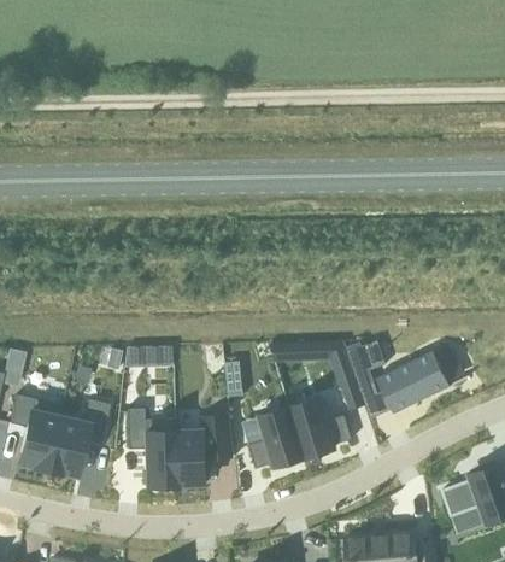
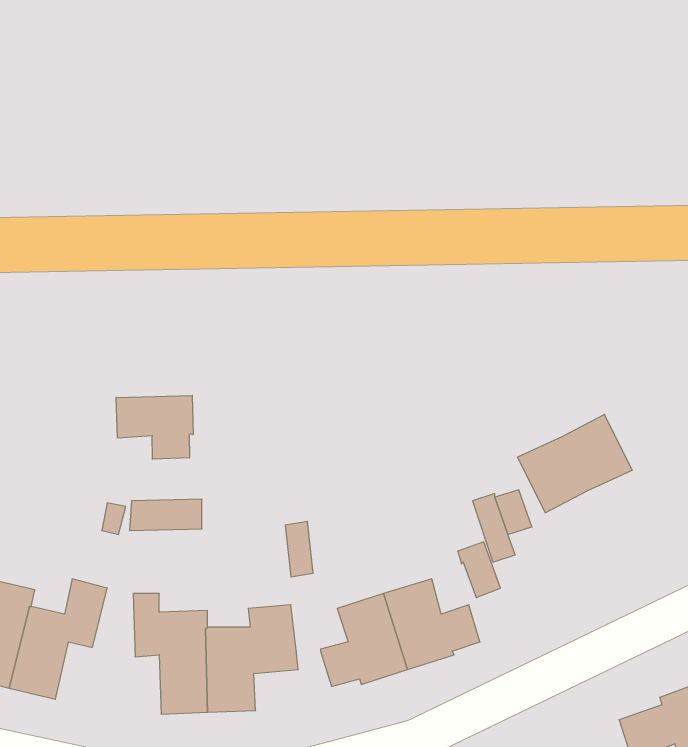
building: none -> [116,395,193,459]
building: [376,350,451,414] -> [517,414,632,513]

